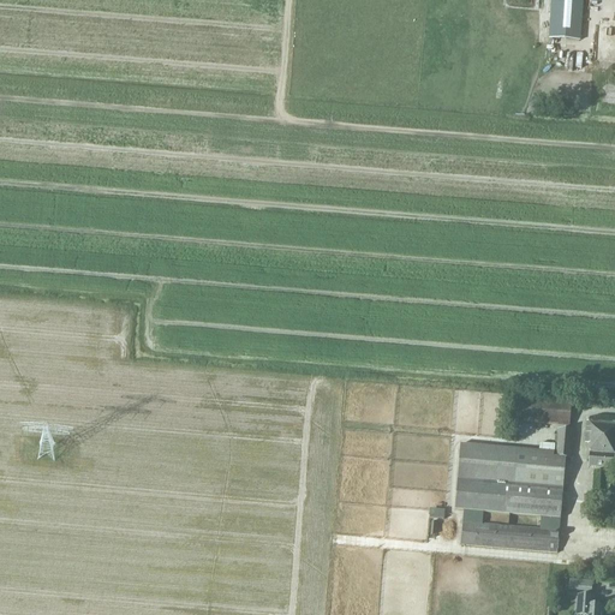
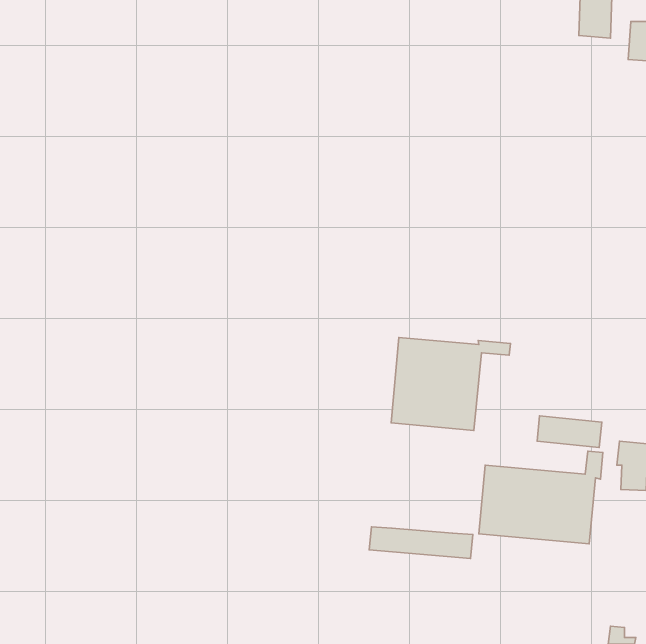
building: none -> [391,337,510,430]
building: [461,520,560,550] -> [369,527,473,559]

